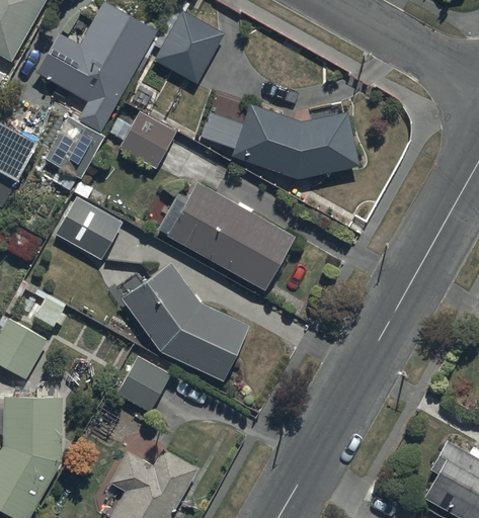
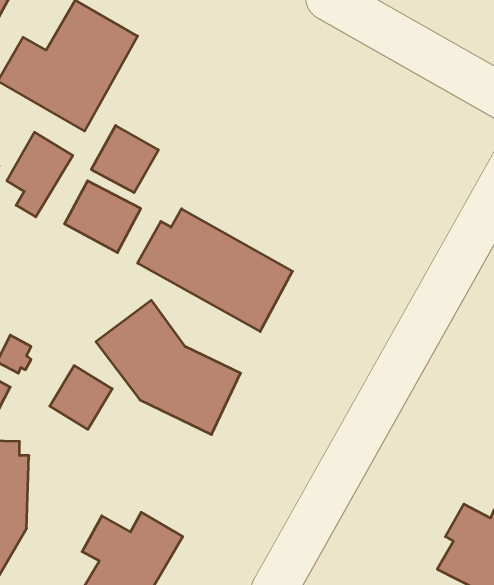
building: [154,10,225,85] -> none
building: [201,104,360,179] -> none
building: [56,197,123,260] -> [64,181,141,253]
building: [115,357,170,413] -> [50,366,112,429]

